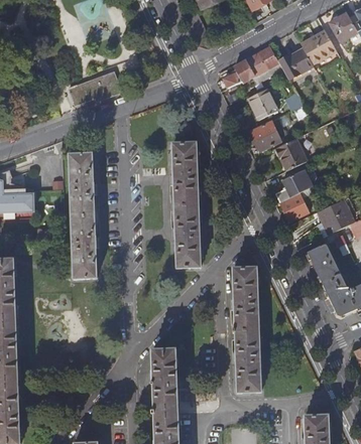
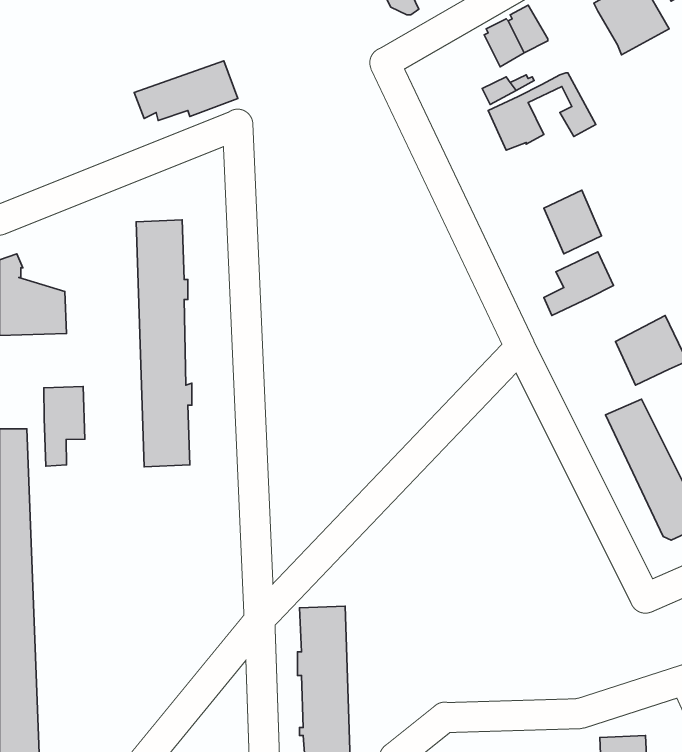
building: [278,47,314,79] -> none
building: [223,59,254,88] -> none
building: [250,120,280,150] -> none
building: [171,142,200,267] -> none
building: [280,192,310,221] -> none
building: none -> [44,387,85,466]
building: [232,267,261,392] -> none

